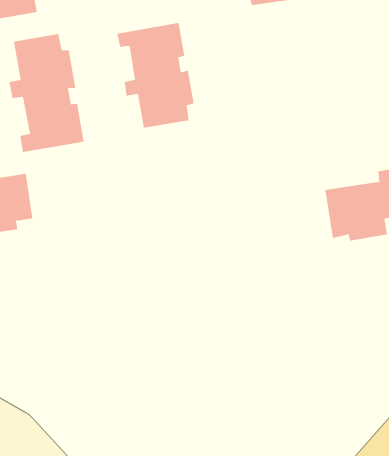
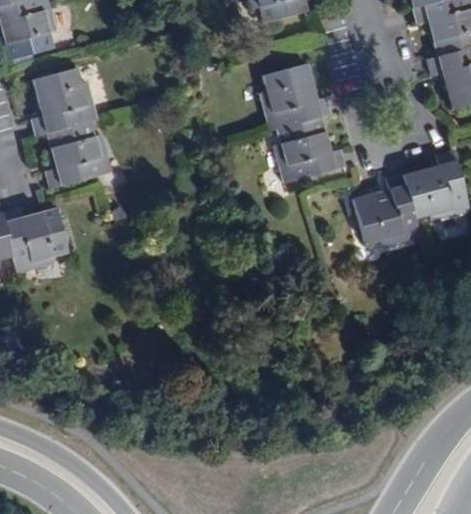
building: [117,22,194,129] -> none
building: none -> [260,63,344,183]

